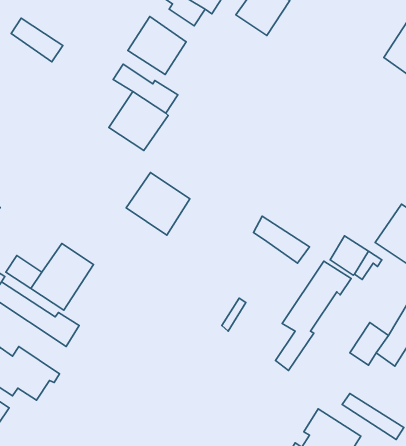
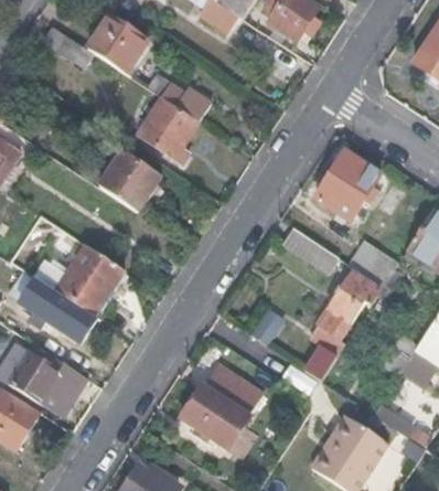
building: [128,17,186,75] -> [84,12,142,71]
building: none -> [315,151,379,221]
building: [126,173,190,235] -> [96,152,160,215]
building: none -> [181,363,264,447]

